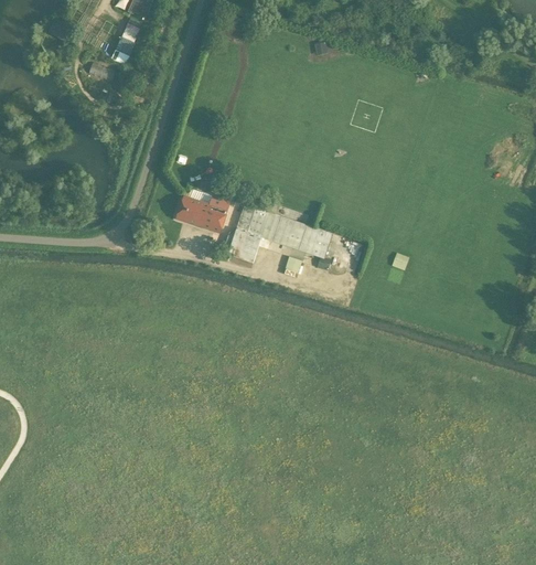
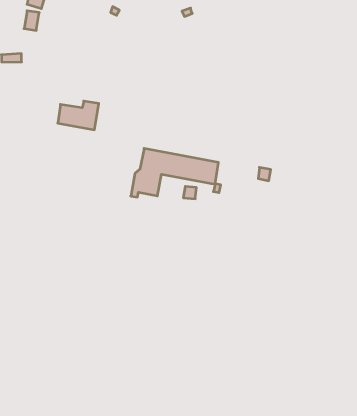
building: [178,196,231,233] -> [58,101,99,130]

